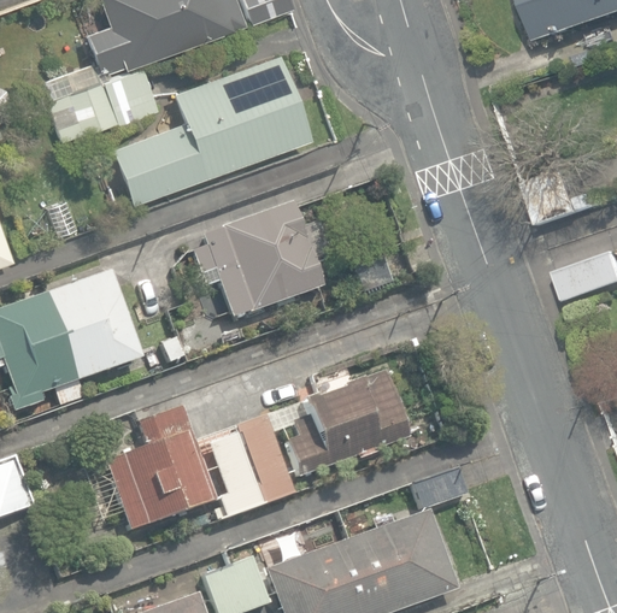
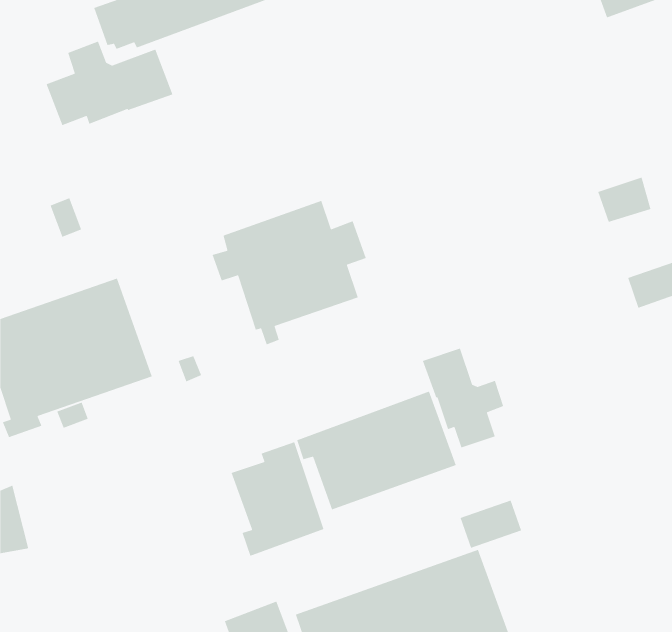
building: [112,55,308,202] -> none
building: none -> [422,348,504,448]
building: [106,406,217,531] -> none

